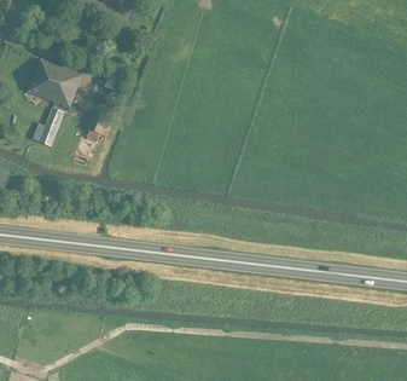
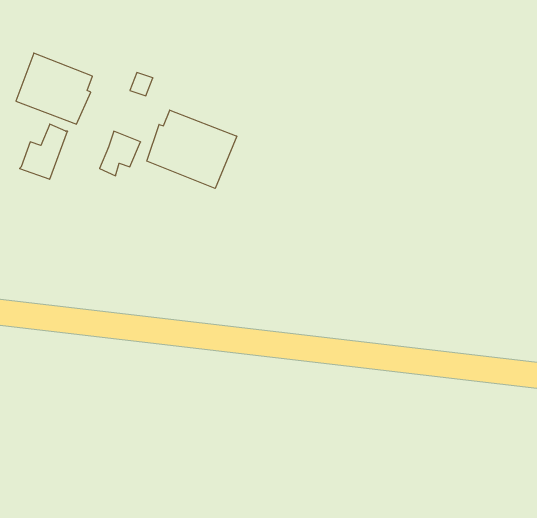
building: none -> [147,110,237,188]

